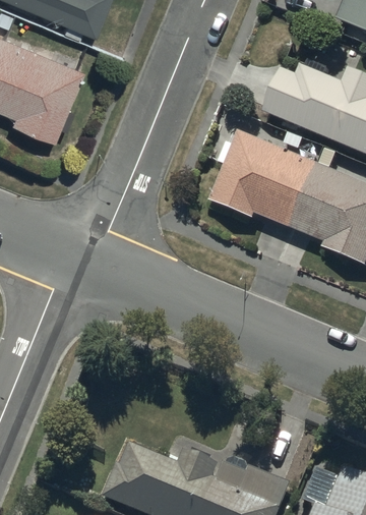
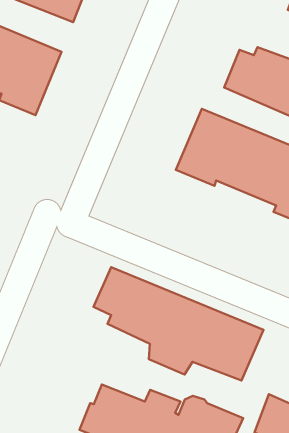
building: none -> [94,267,263,380]

